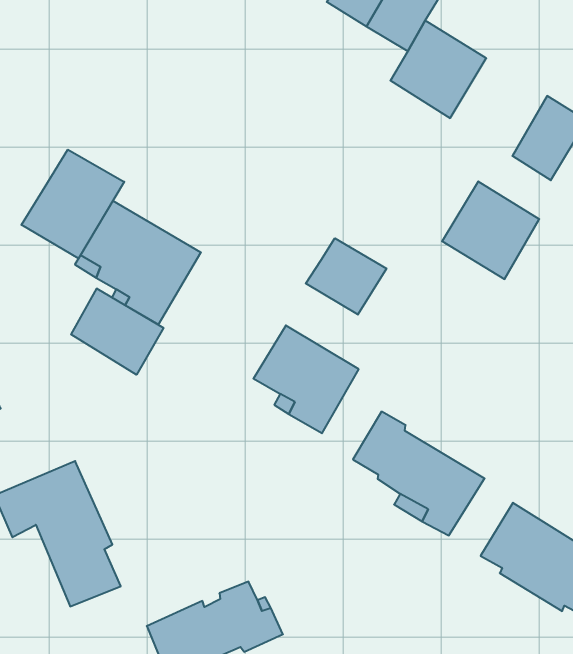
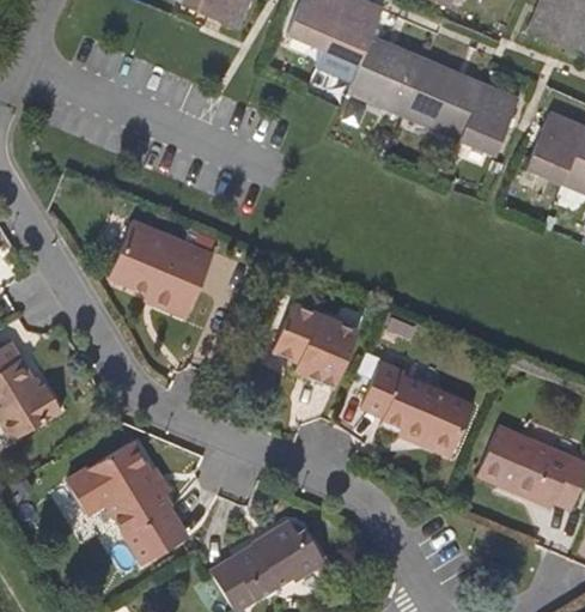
building: [21,150,124,259] -> none
building: [442,181,539,279] -> [402,59,480,137]
building: [306,238,386,315] -> none
building: [71,288,163,375] -> none

